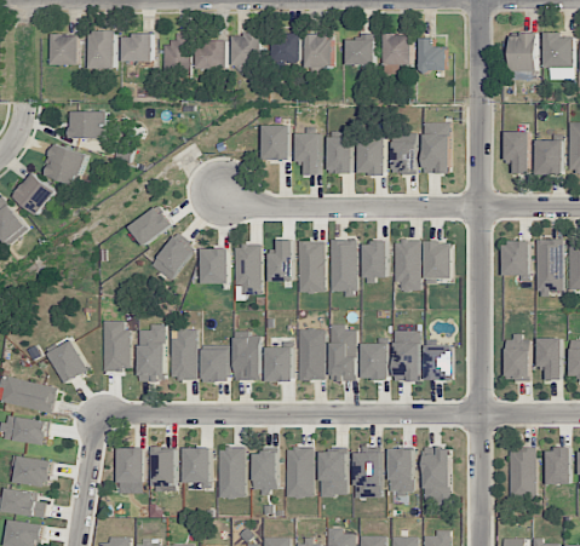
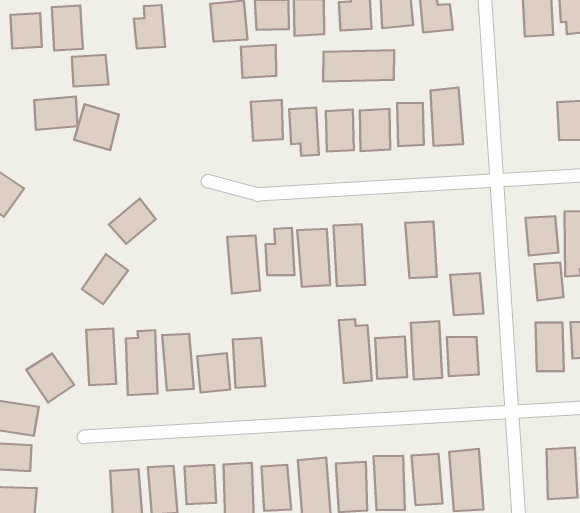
building: [121,35,153,62] -> [72,55,109,86]
building: [195,41,226,69] -> [241,45,276,78]
building: none -> [323,50,394,81]
building: [504,132,528,173] -> none
building: [44,144,85,186] -> [74,104,119,150]
building: [151,235,194,280] -> [82,254,128,304]
building: [362,242,386,277] -> none
building: [424,242,452,278] -> [450,273,484,315]
building: [201,248,228,285] -> none
building: none -> [534,263,564,301]
building: [297,329,323,380] -> none
building: [265,340,293,383] -> none

